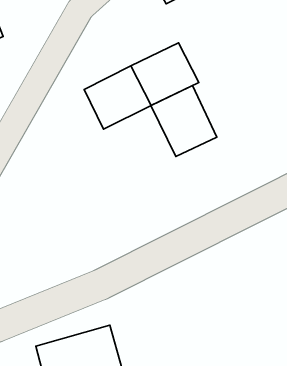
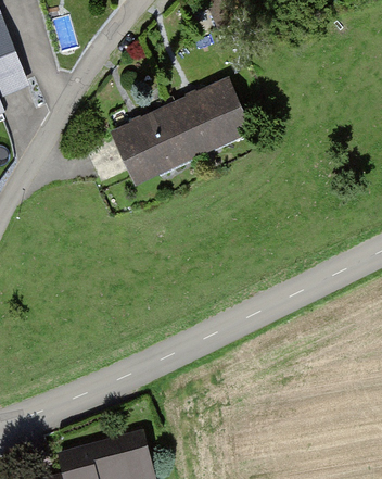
building: [151,86,217,156] -> none

